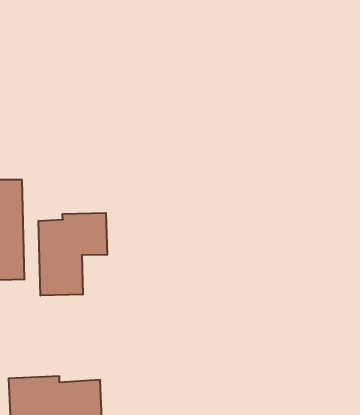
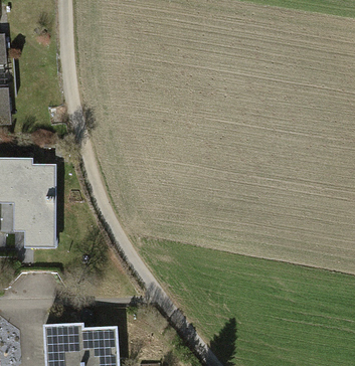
building: [39,213,107,296] -> none

